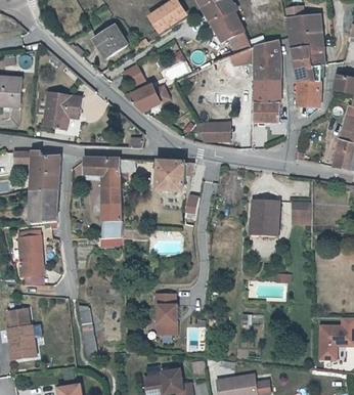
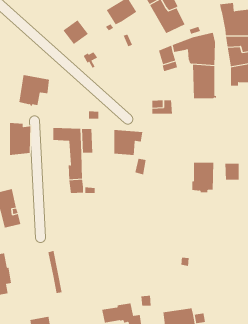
building: [128,85,169,111] -> none
building: [31,187,57,223] -> none
building: [154,293,180,333] -> none

